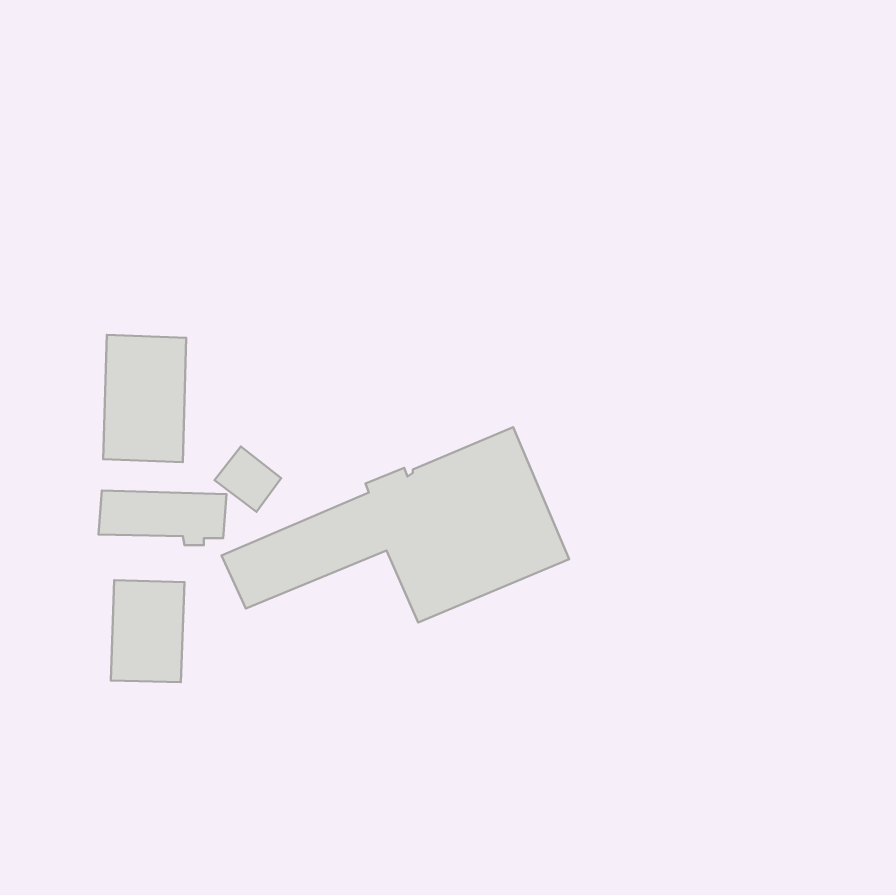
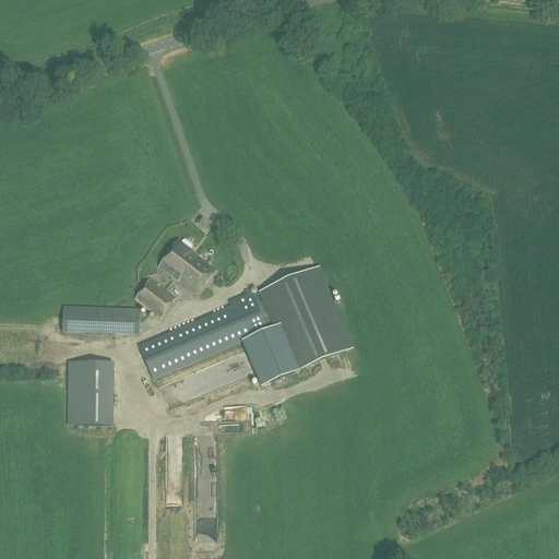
building: [103,335,186,462] -> none
building: none -> [157,238,214,293]

